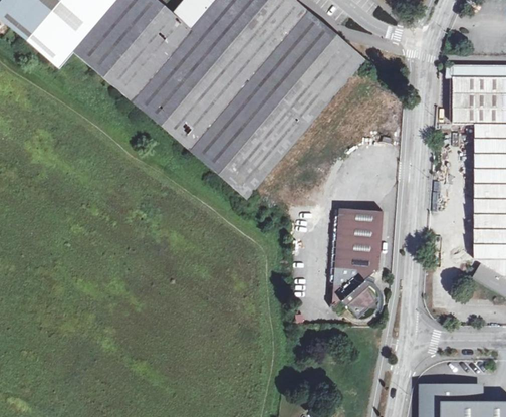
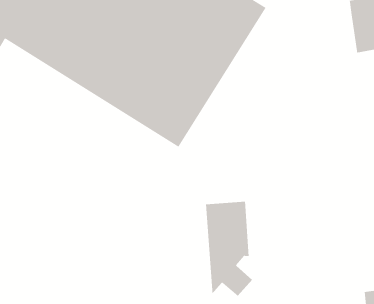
building: [332,206,385,312] -> [205,201,253,297]

